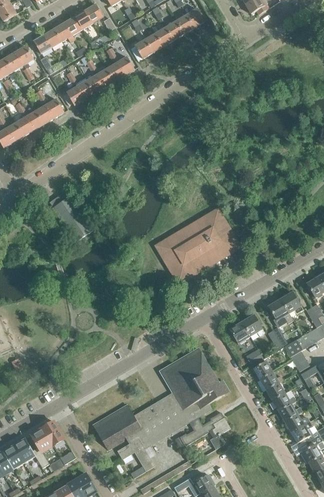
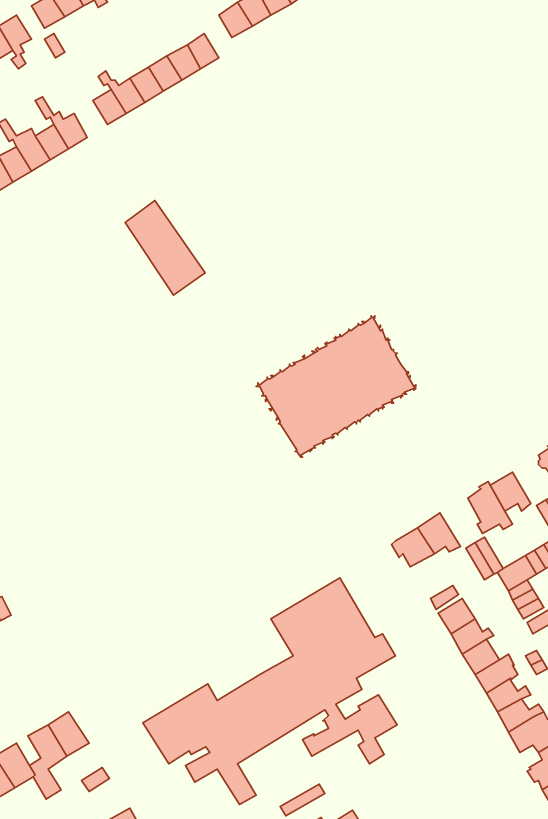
building: [49,190,92,241] -> [125,200,205,295]

